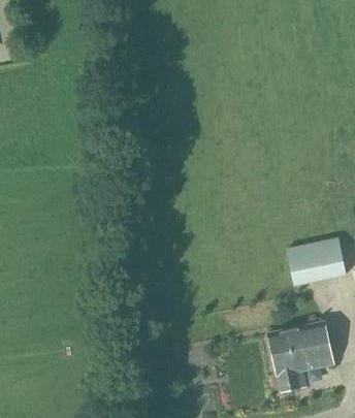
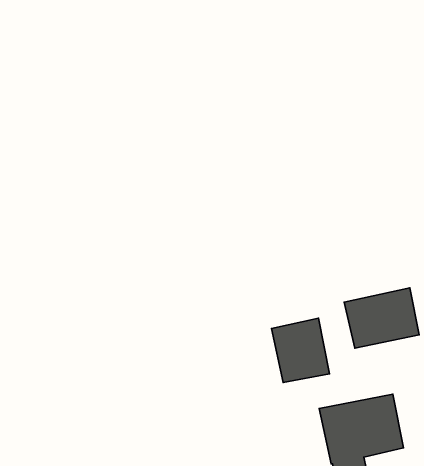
building: none -> [271,318,330,383]

